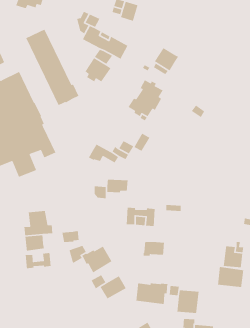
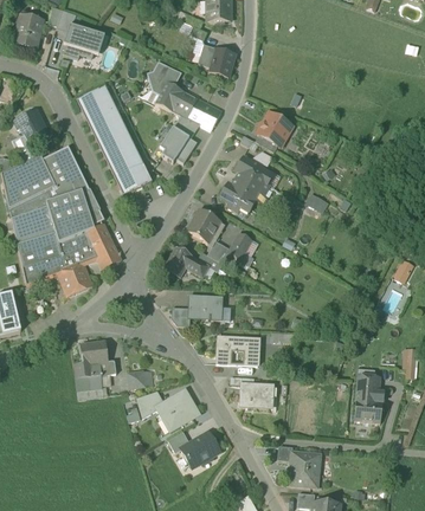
building: none -> [186,208,219,244]
building: [25,252,52,269] -> none
building: [217,266,244,288] -> none
building: [135,283,168,305] -> none

